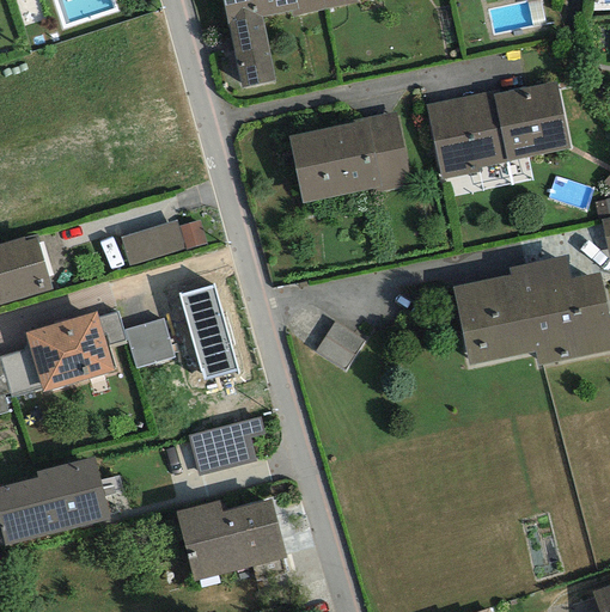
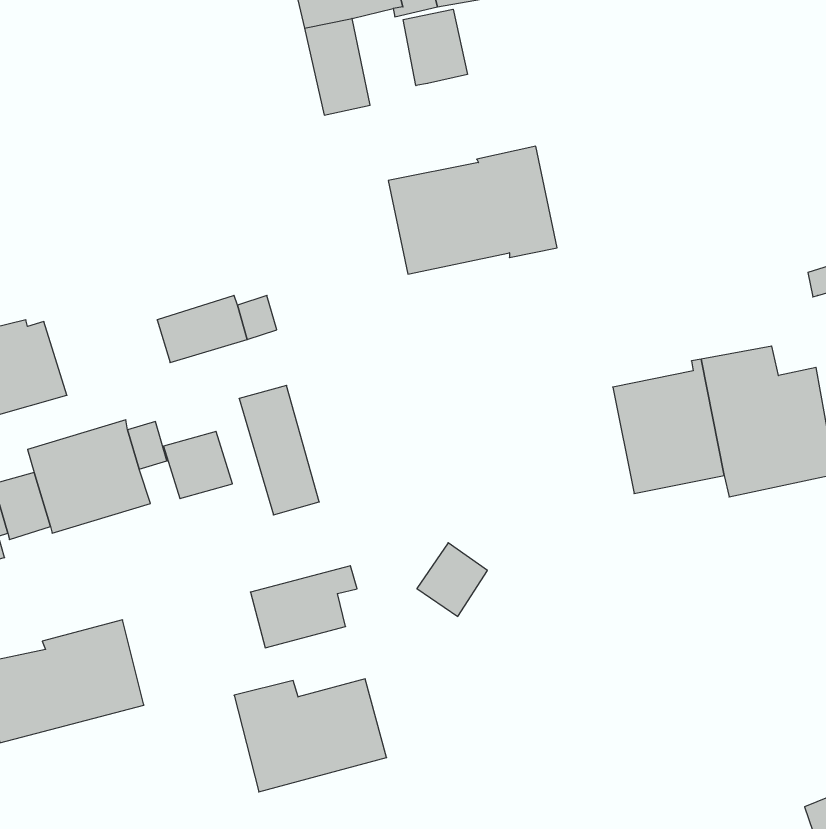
building: none -> [403,9,467,86]
building: [426,80,571,179] -> none
building: [313,320,365,374] -> [417,543,487,616]

